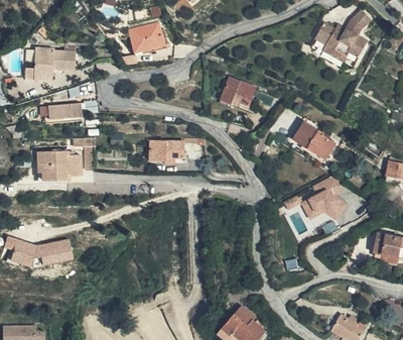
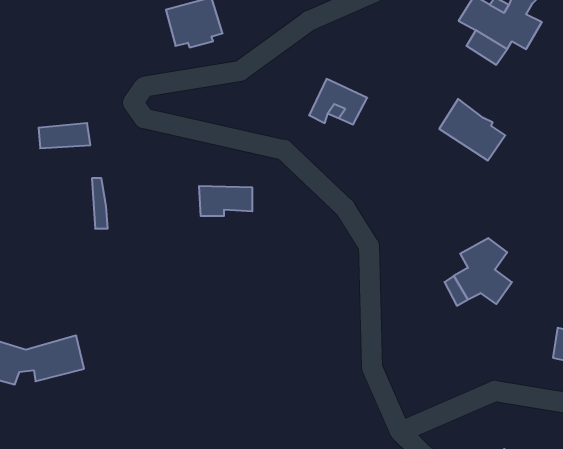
building: [24,47,76,79] -> none
building: [293,121,335,160] -> [439,99,505,160]
building: [34,151,78,181] -> none

